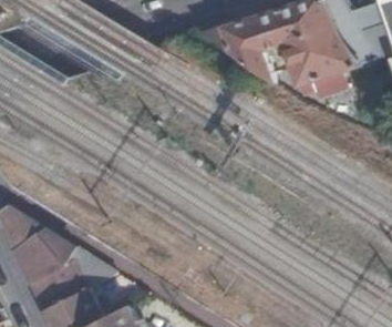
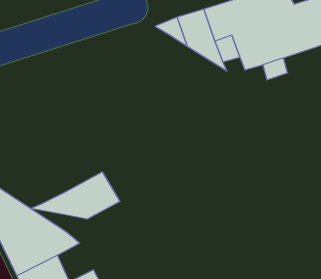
building: none -> [31,172,120,219]

